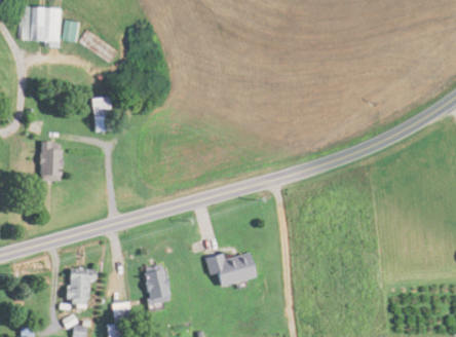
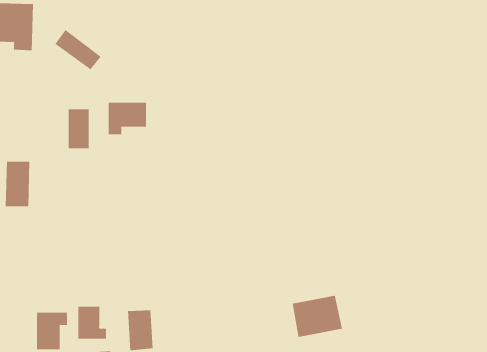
building: none -> [108,102,146,135]
building: [212,251,255,287] -> [292,295,343,337]
building: none -> [78,306,106,340]

